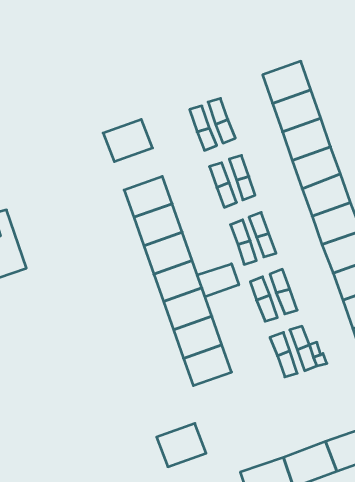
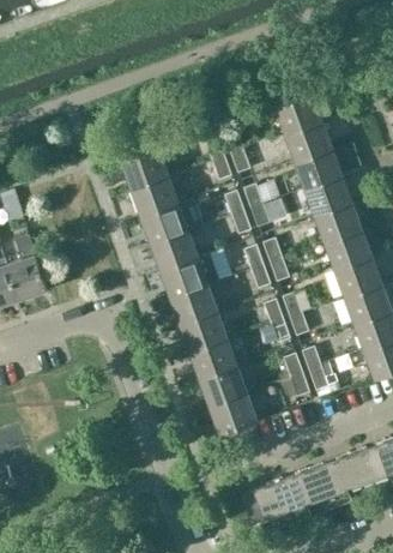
building: none -> [132,176,179,217]
building: [197,264,239,297] -> none
building: [157,423,206,467] -> [208,393,256,435]

